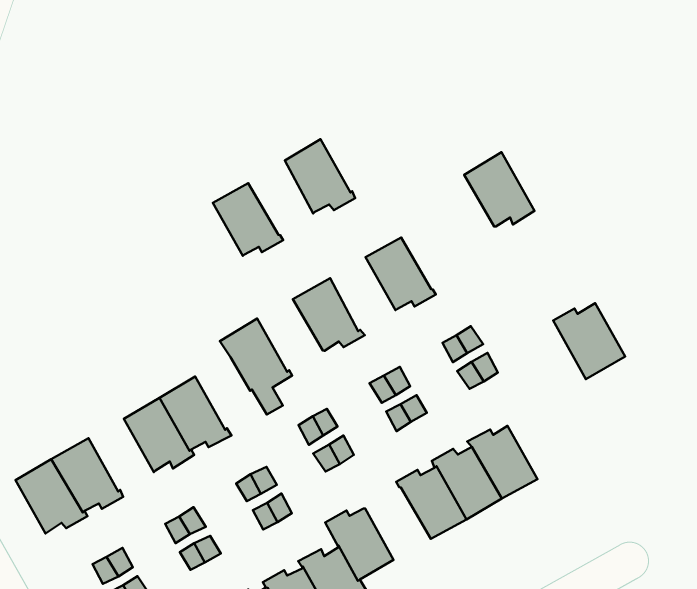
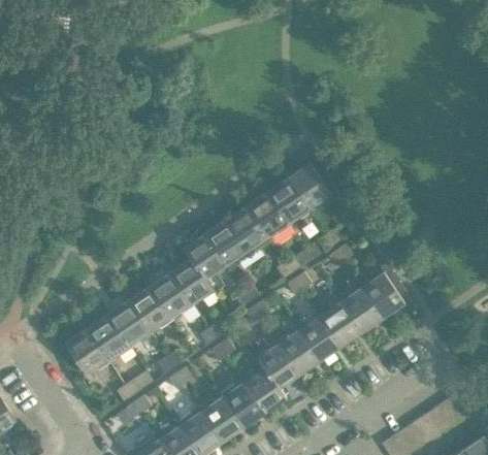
building: [285,139,355,214] -> [247,192,291,237]
building: [464,152,534,227] -> [288,163,332,208]
building: [213,183,283,256] -> [204,221,249,265]
building: [553,303,625,379] -> [359,272,404,319]
building: none -> [169,259,215,303]
building: none -> [107,301,152,346]
building: none -> [275,330,320,375]

